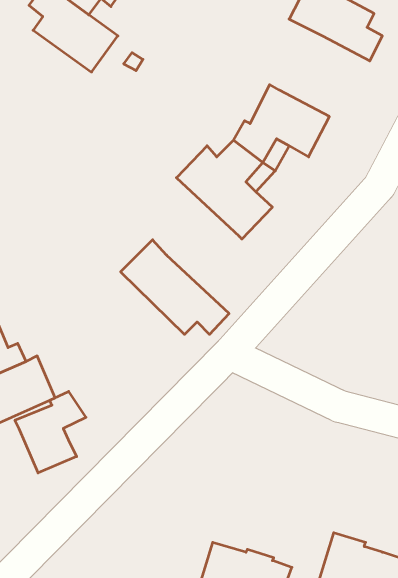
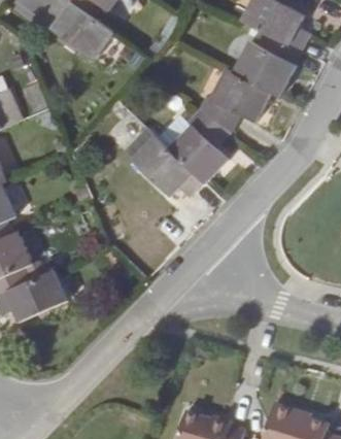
building: none -> [234,33,301,97]
building: [121,240,229,334] -> [124,127,204,197]
building: [15,391,86,473] -> none

